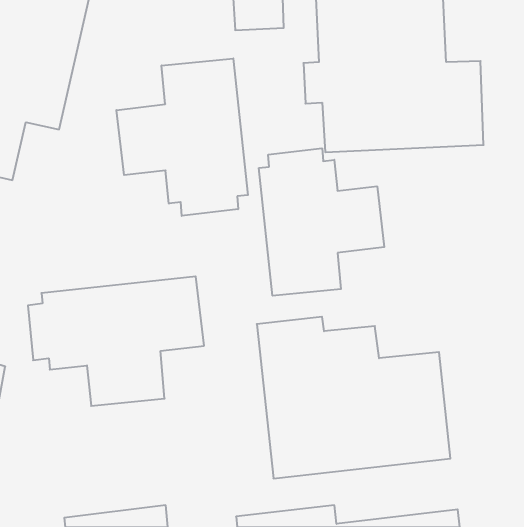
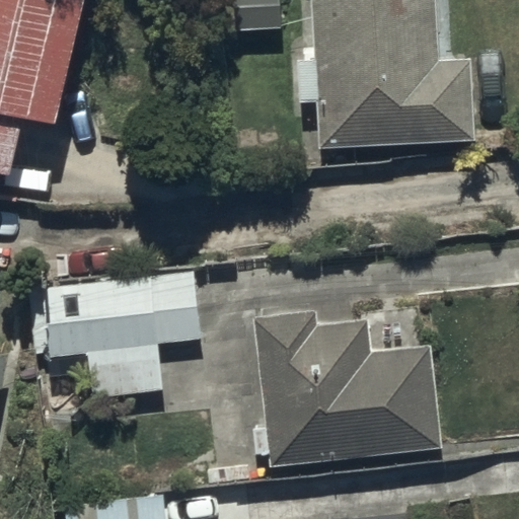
building: [116,58,248,216] -> none
building: [259,148,384,296] -> none

